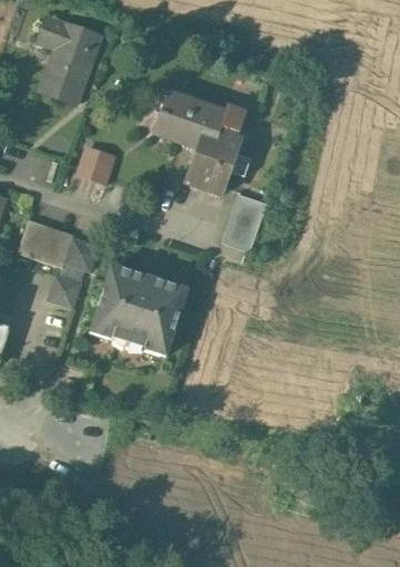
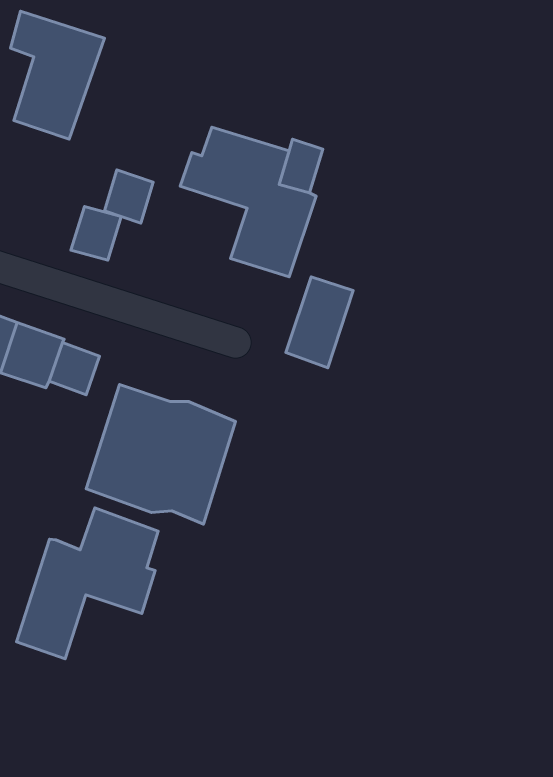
building: none -> [104,170,153,223]
building: [47,274,82,308] -> none
building: none -> [17,508,158,659]

